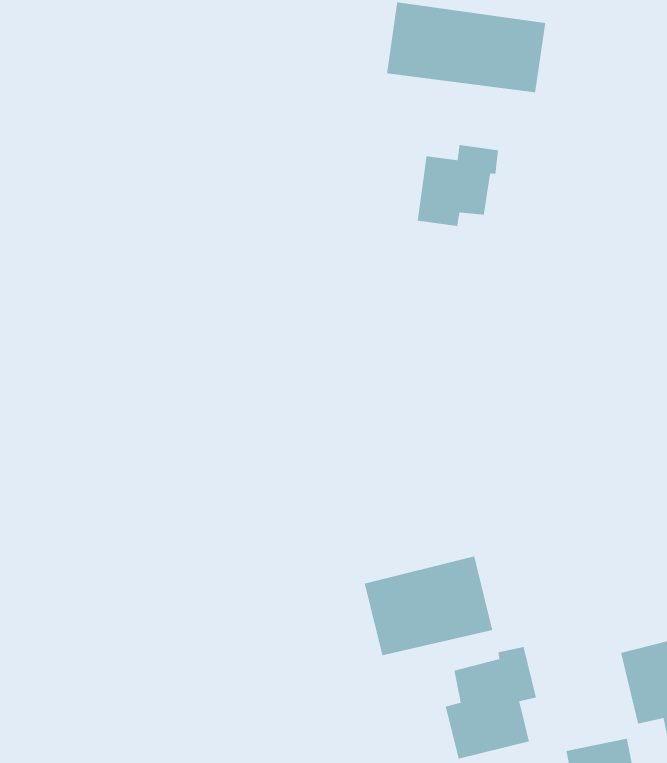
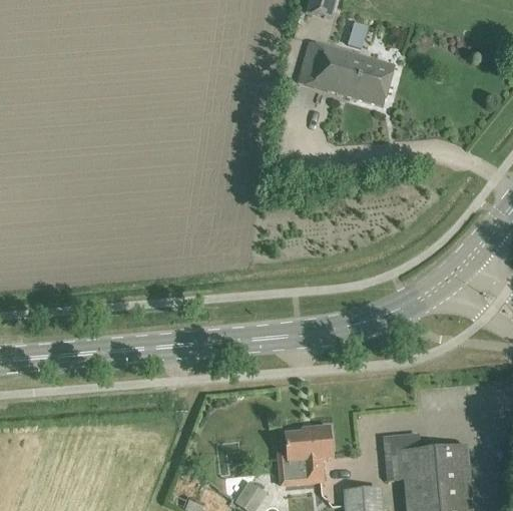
building: [417,144,499,227] -> none
building: [364,556,493,656] -> none

